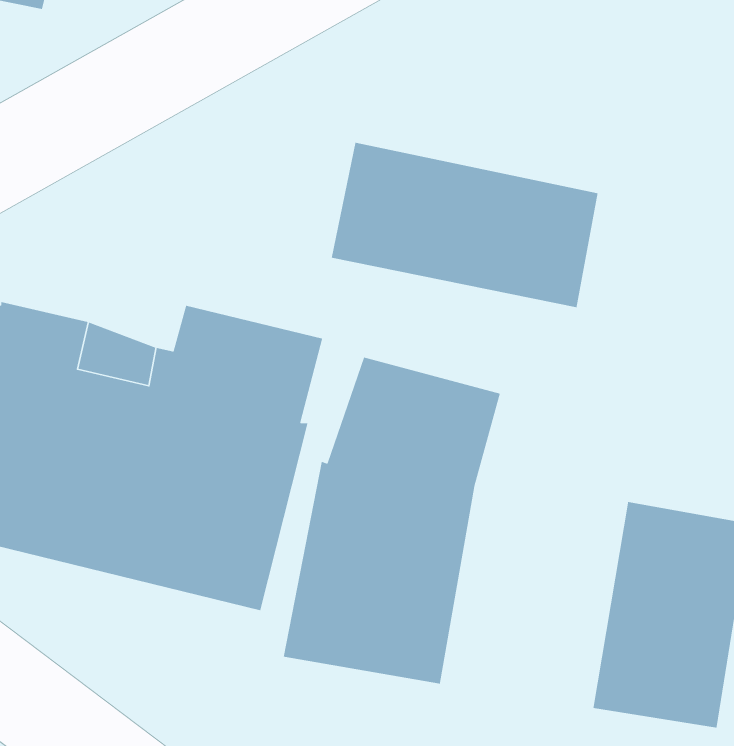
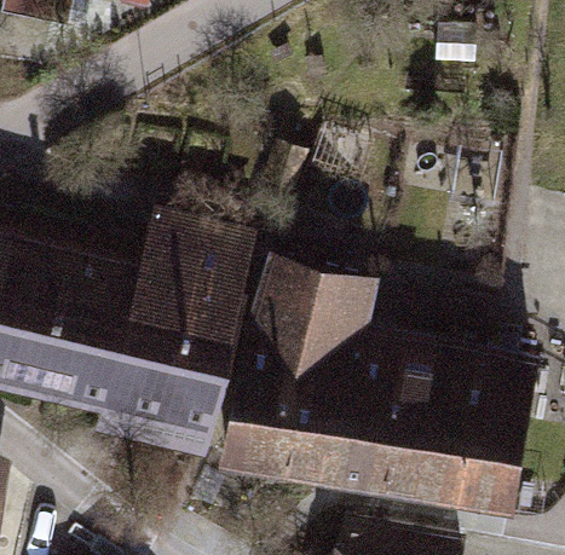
building: [331,142,599,308] -> none
building: none -> [327,348,450,496]

